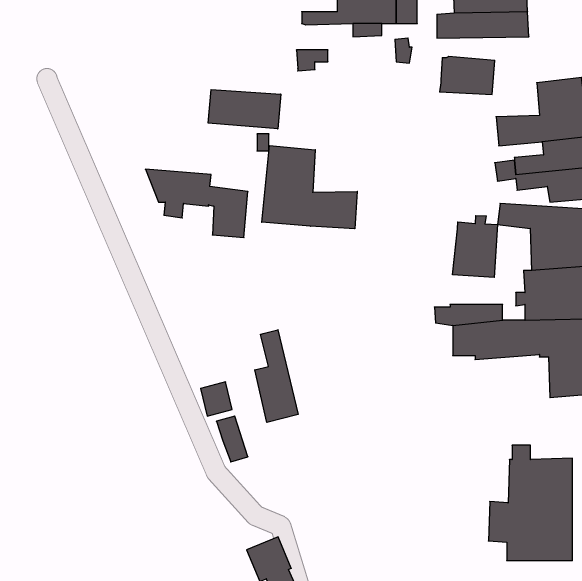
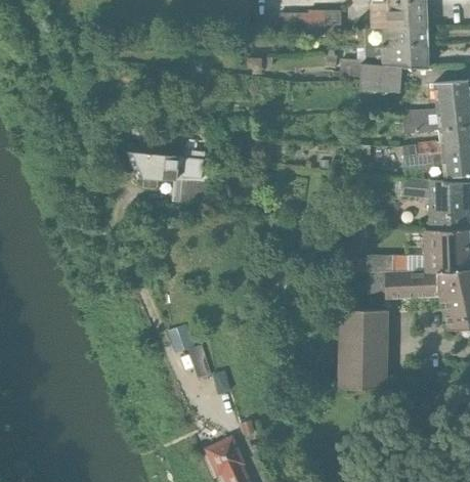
building: none -> [339,48,428,80]
building: [208,90,281,129] -> none
building: [262,146,357,229] -> none
building: [453,216,497,277] -> none
building: [255,330,298,422] -> none
building: [488,445,572,561] -> [323,298,388,388]

